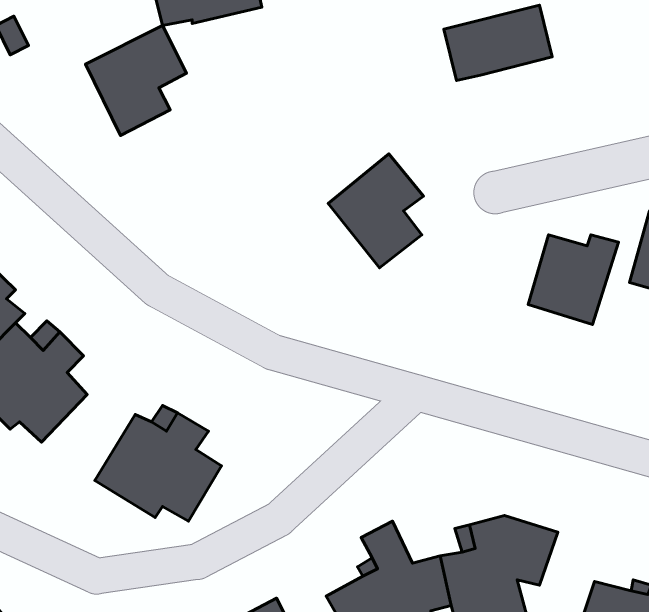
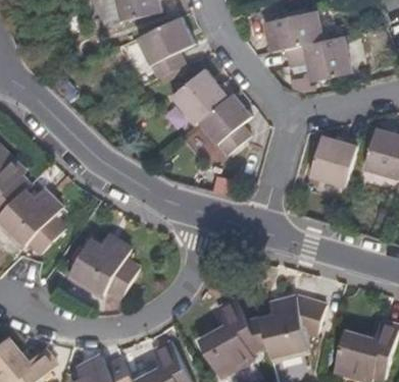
building: [85,25,187,136] -> [139,16,195,77]
building: none -> [283,36,350,84]
building: none -> [171,69,232,124]

